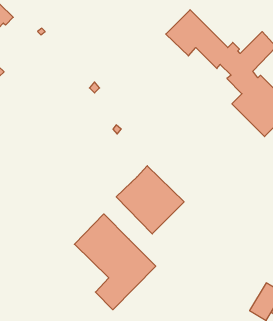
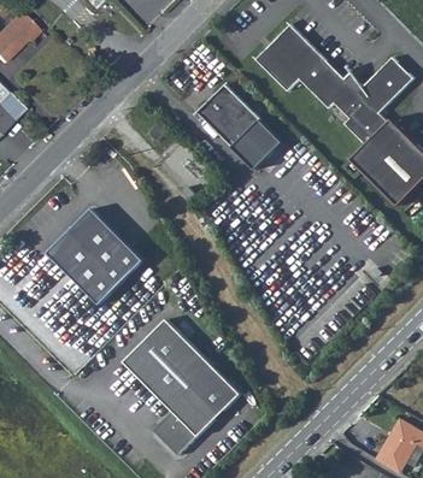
building: none -> [198,84,284,170]
building: [116,166,184,234] -> [47,208,145,306]

